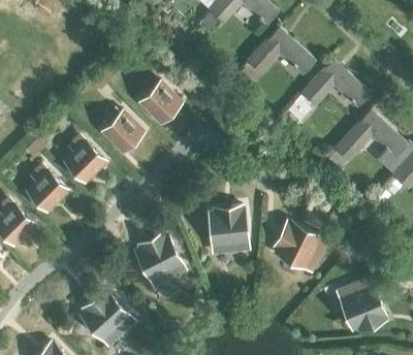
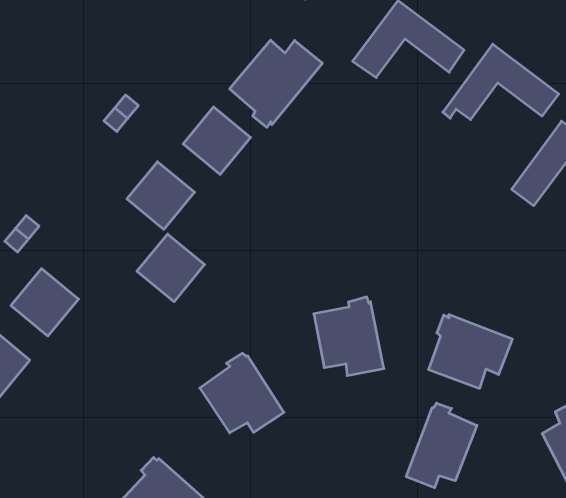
building: none -> [230,40,322,127]
building: [64,140,105,182] -> [137,234,205,302]
building: none -> [406,403,477,488]

